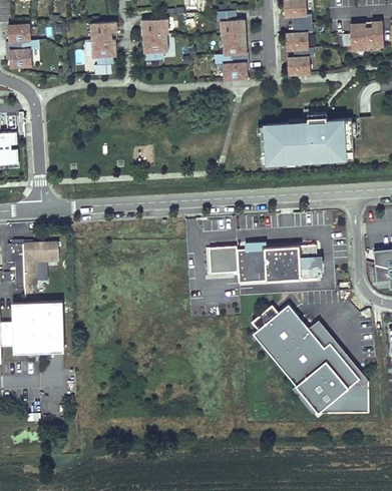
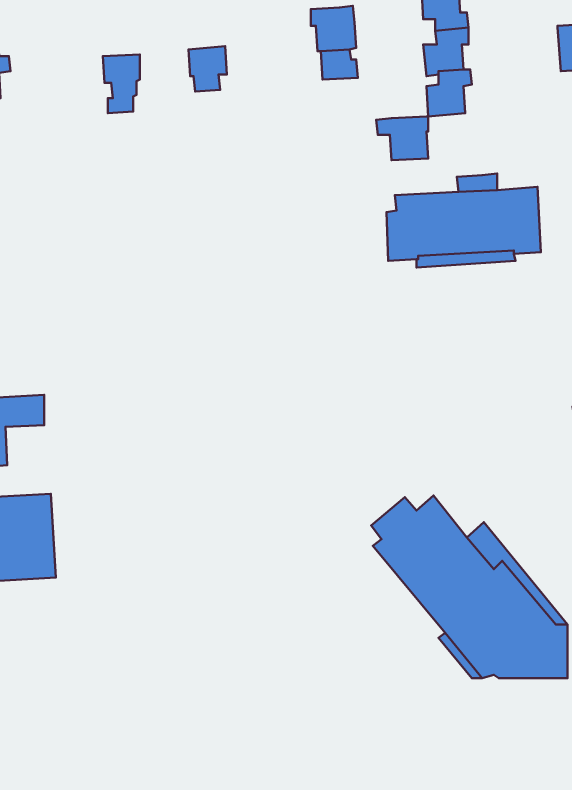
building: [141,19,166,36] -> none
building: [91,22,116,40] -> none
building: [349,23,366,52] -> none
building: [215,53,246,79] -> [376,117,428,160]
building: [209,244,322,283] -> none

